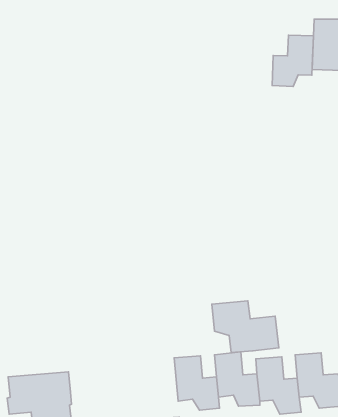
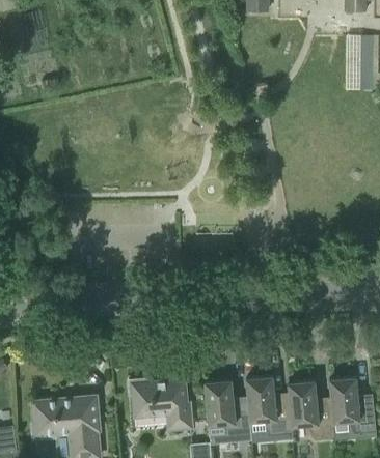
building: [272,35,313,86] -> none
building: [212,301,279,353] -> none
building: none -> [128,377,193,430]

